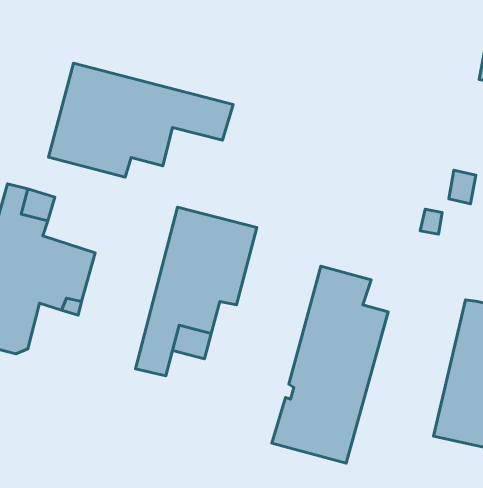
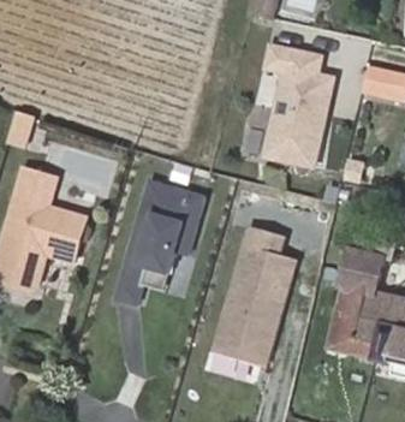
building: none -> [264,44,329,164]
building: [49,63,233,177] -> none

